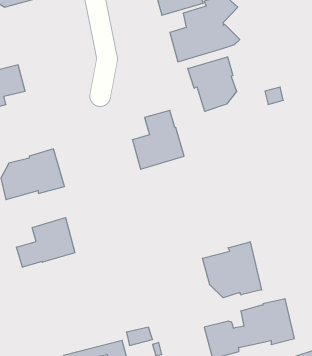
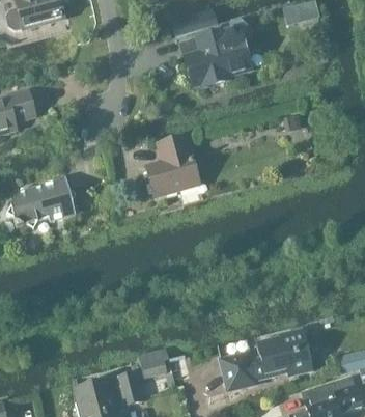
building: [188,57,236,111] -> none
building: [16,218,75,267] -> none
building: [202,242,262,298] -> none

